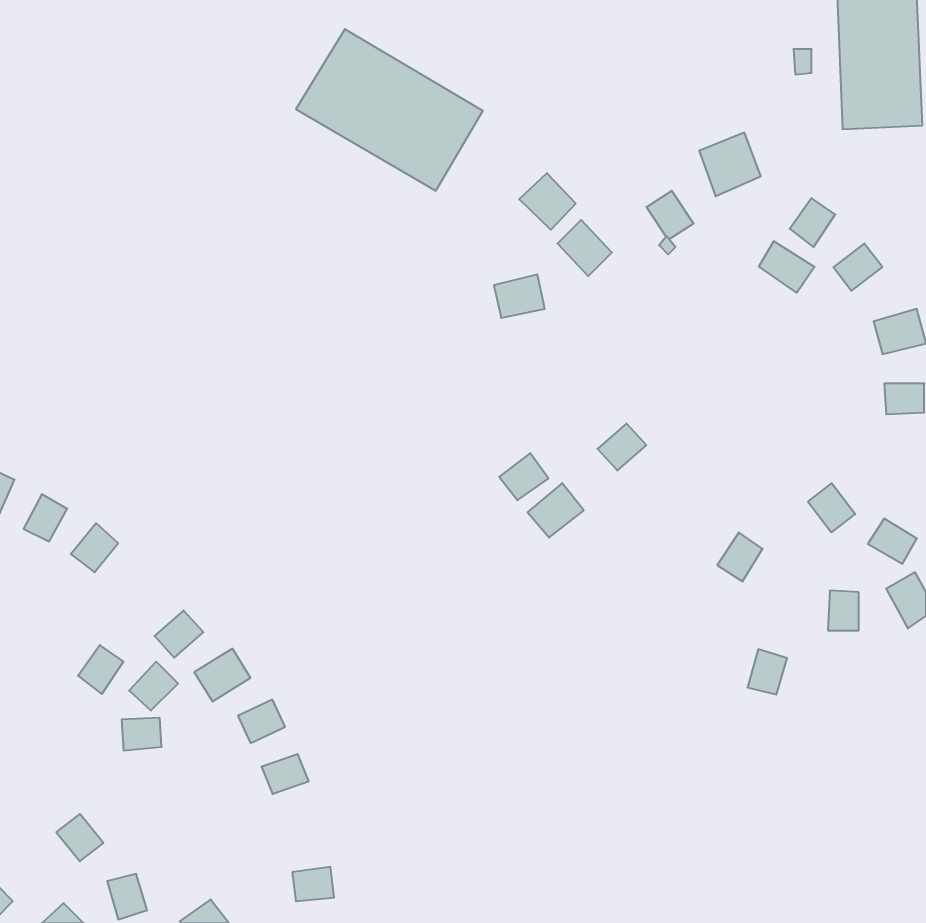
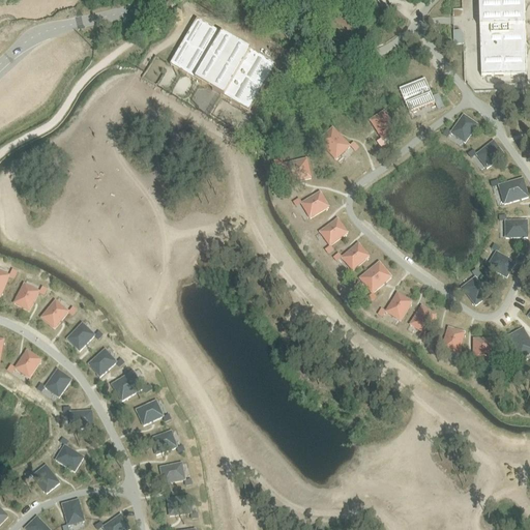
building: [519,173,576,230] -> none
building: [759,241,815,293] -> none
building: none -> [300,190,328,216]
building: [499,453,548,500] -> [319,216,347,243]
building: [528,483,584,538] -> [359,260,391,291]
building: none -> [385,291,411,319]
building: [868,519,917,564] -> [487,249,514,275]
building: none -> [14,348,40,376]
building: [747,649,787,695] -> [441,325,464,351]
building: [129,662,178,711] -> [66,321,94,349]
building: none -> [55,443,83,470]
building: none -> [159,461,184,482]

